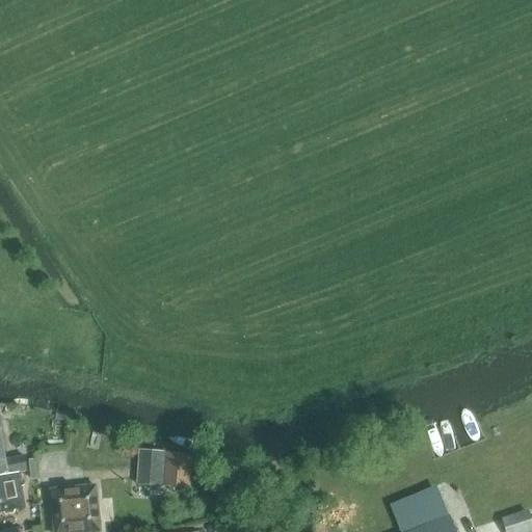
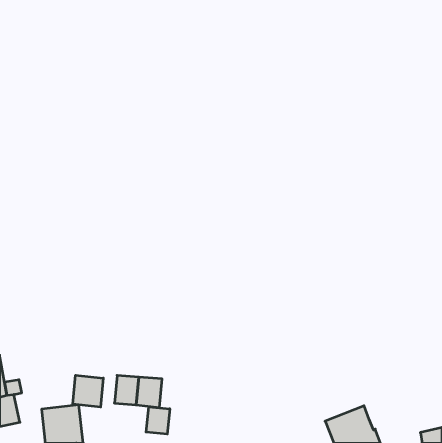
building: none -> [73,375,103,407]
building: none -> [146,407,170,434]

